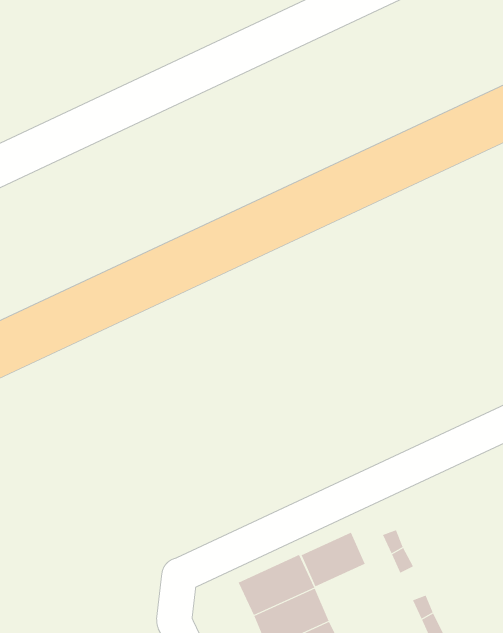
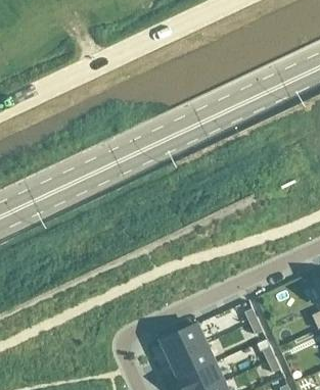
building: [301,532,365,587] -> none

